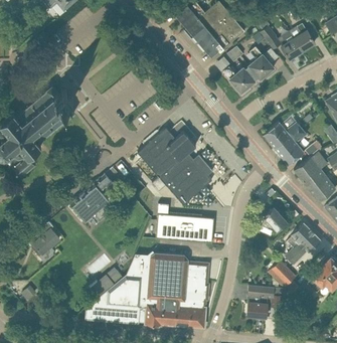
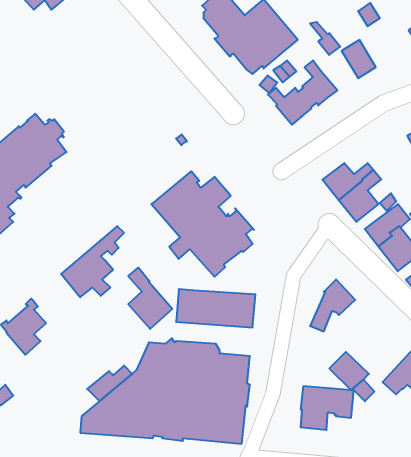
building: [290,22,315,50] -> none
building: none -> [128,268,172,329]
building: [286,222,320,264] -> none

